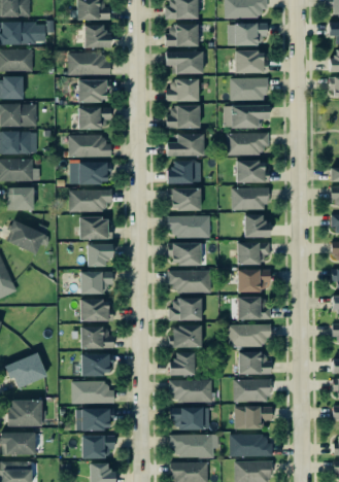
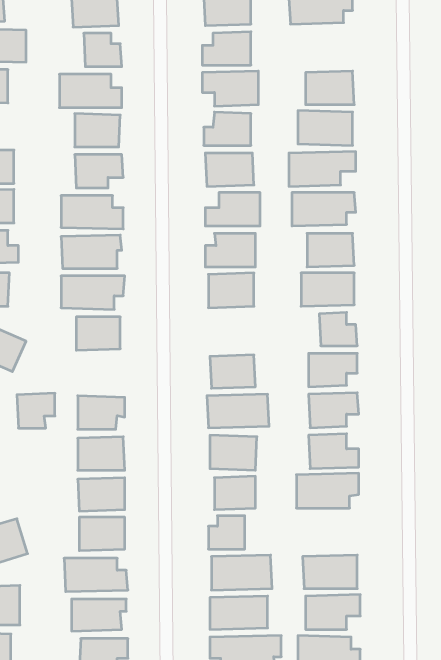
building: [227,23,267,46] -> none
building: [167,215,210,238] -> none
building: [87,243,112,267] -> [17,393,55,428]
building: [238,352,270,375] -> none

